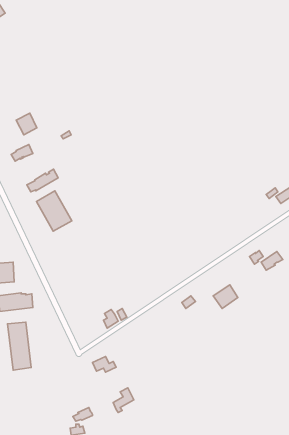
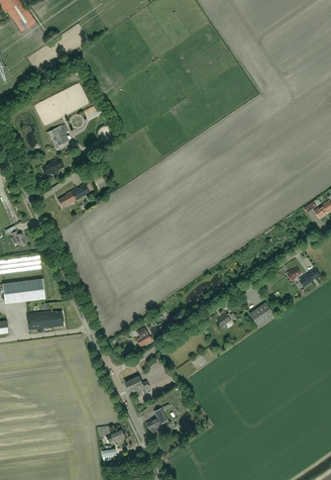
building: [37,191,72,231] -> none
building: [8,322,31,370] -> none

